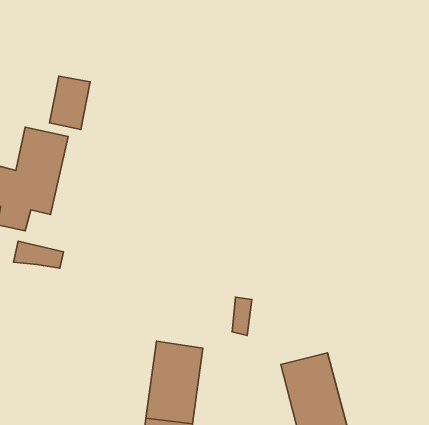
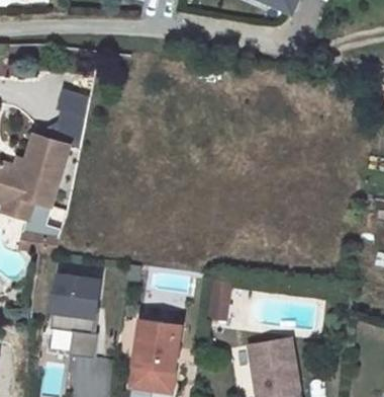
building: none -> [51,274,98,358]

